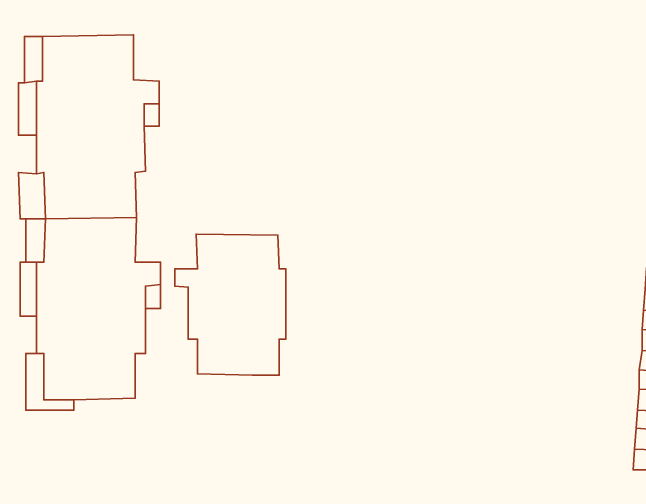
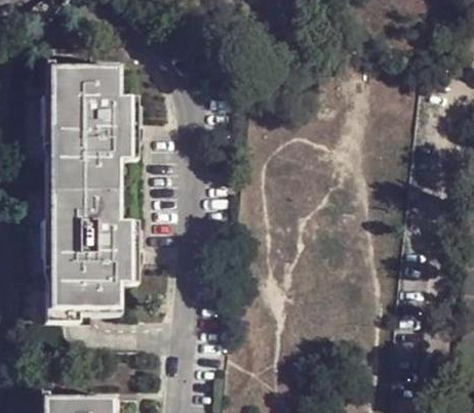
building: [175,234,286,375] -> none

